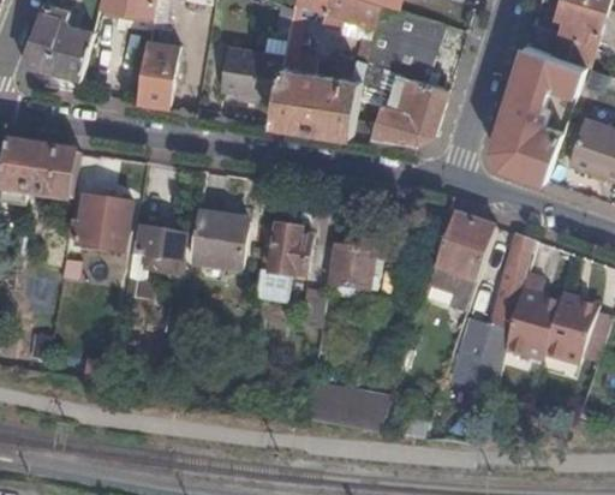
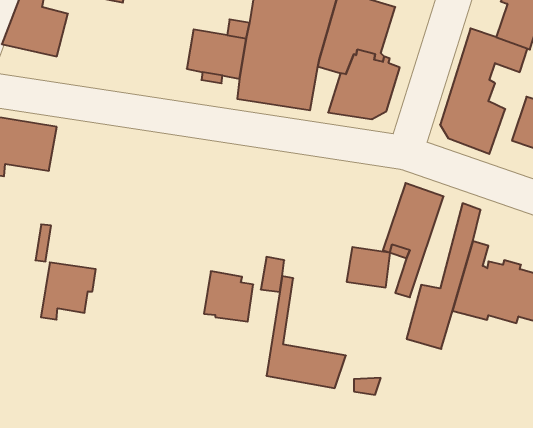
building: [137,41,178,106] -> none
building: [76,197,131,252] -> none
building: [189,214,246,269] -> none
building: [258,223,311,278] -> [204,271,253,322]
building: [125,227,184,288] -> [41,262,96,320]
building: [326,246,372,290] -> [347,247,390,287]

